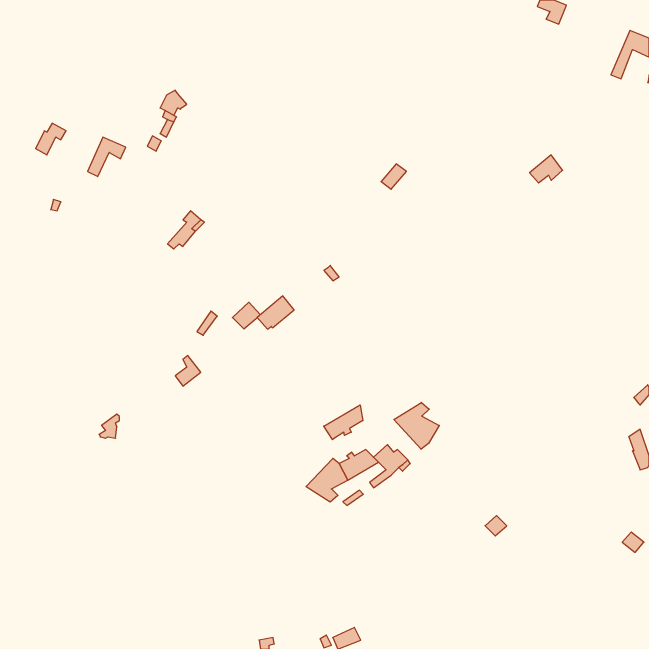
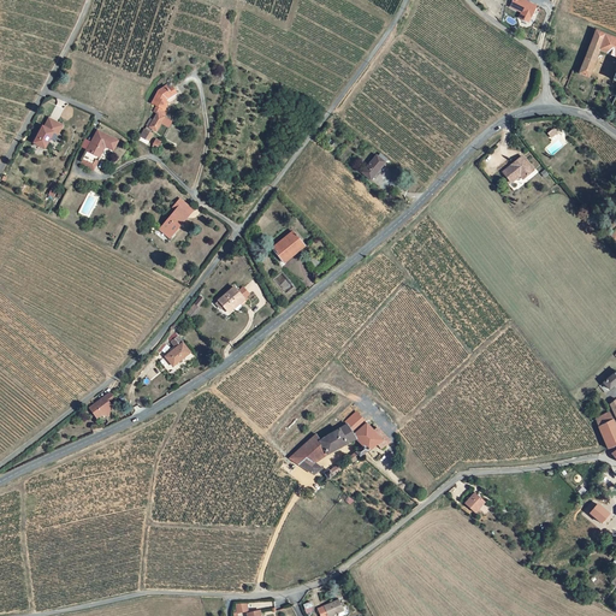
building: [257,296,294,329] -> [270,231,304,262]
building: [394,402,439,449] -> none
building: [324,405,363,440] -> none

